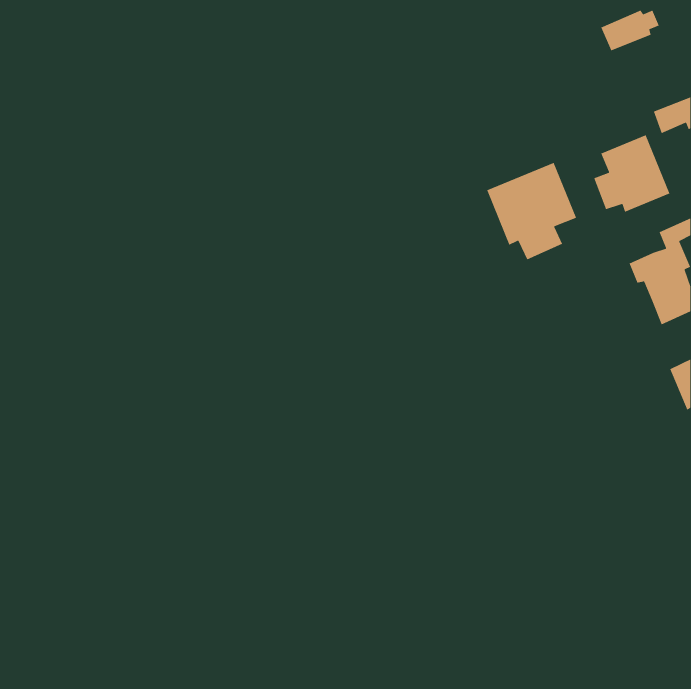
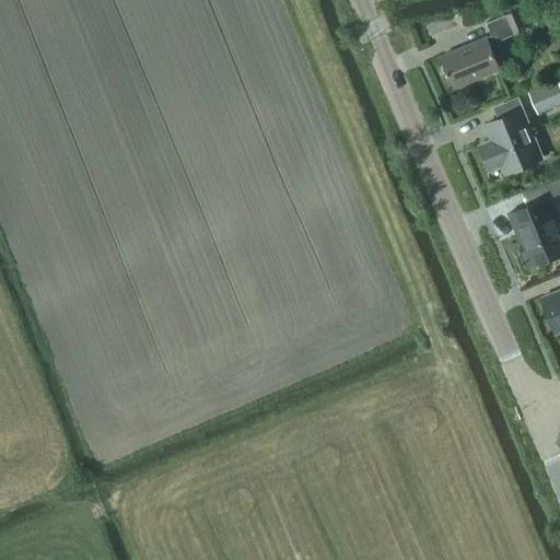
building: none -> [439,39,499,90]
building: [486,162,577,260] -> none

